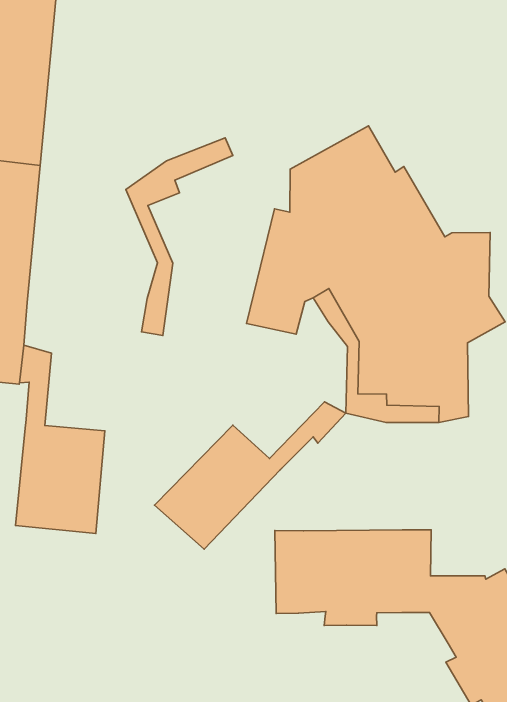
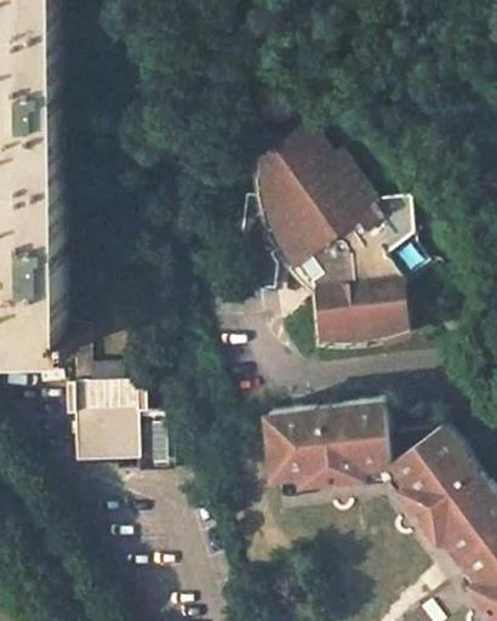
building: [126,138,233,335] -> none
building: [154,402,346,549] -> none

